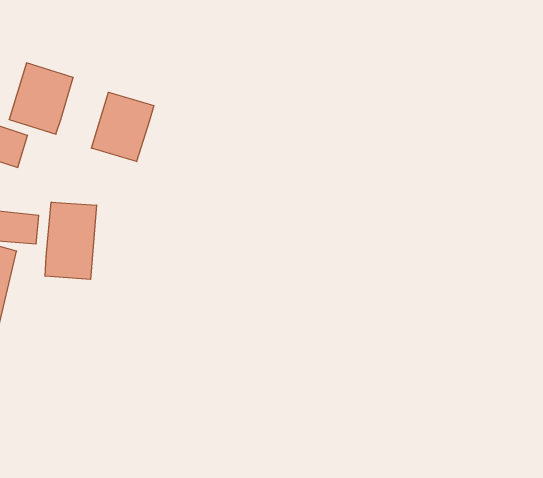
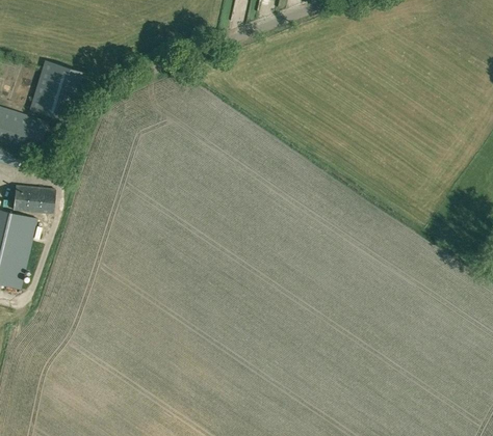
building: [91,92,154,162] -> none
building: [45,202,97,279] -> none

